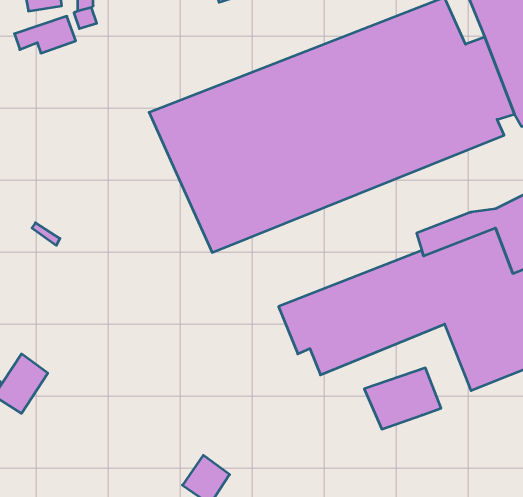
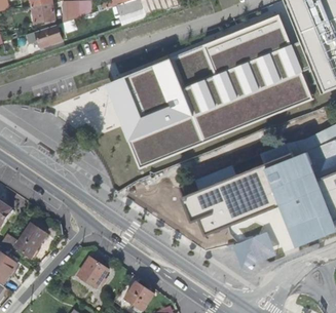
building: none -> [78,258,109,288]

